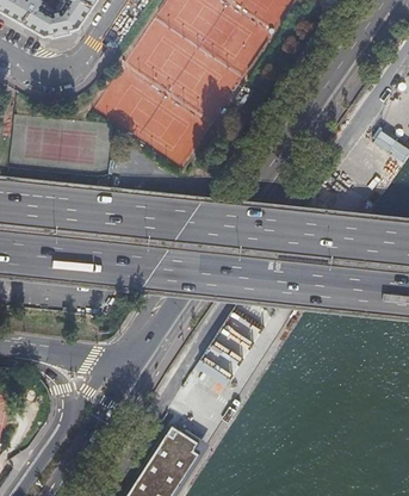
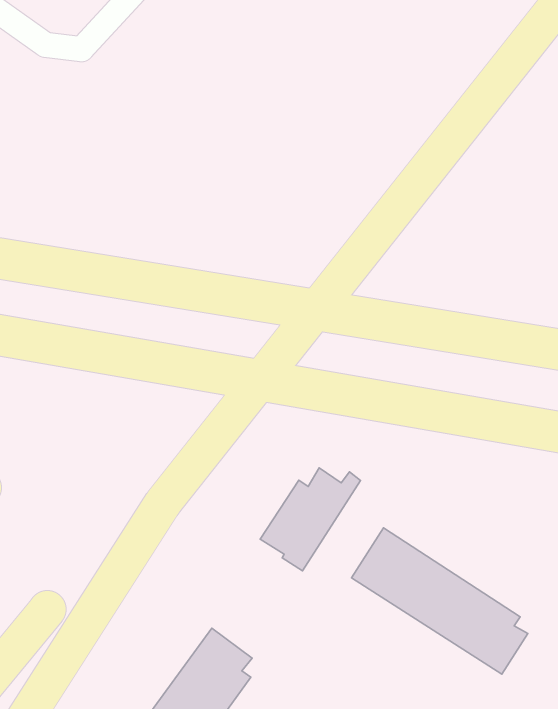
building: none -> [351,528,528,674]

